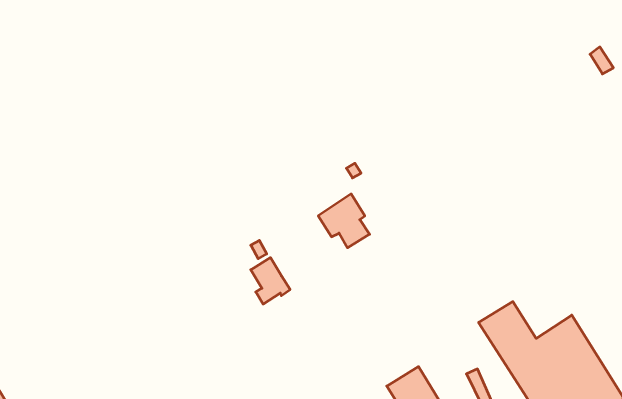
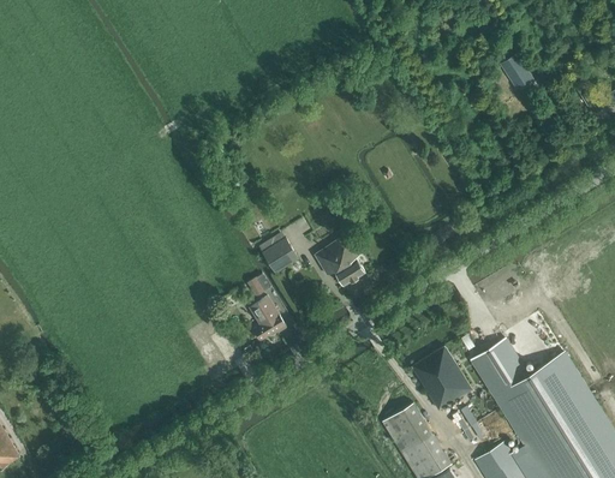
building: none -> [500,53,533,89]
building: none -> [262,237,299,274]
building: none -> [412,346,472,410]

